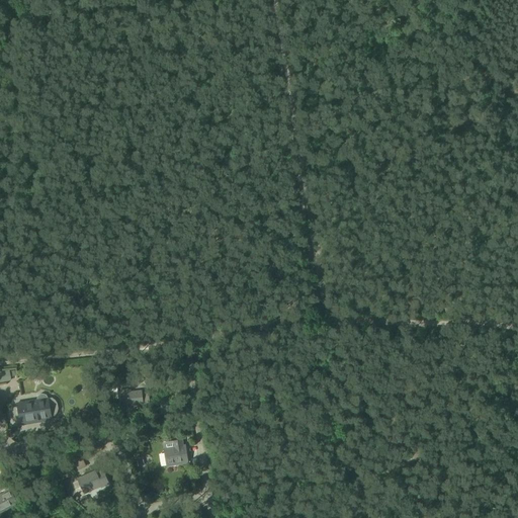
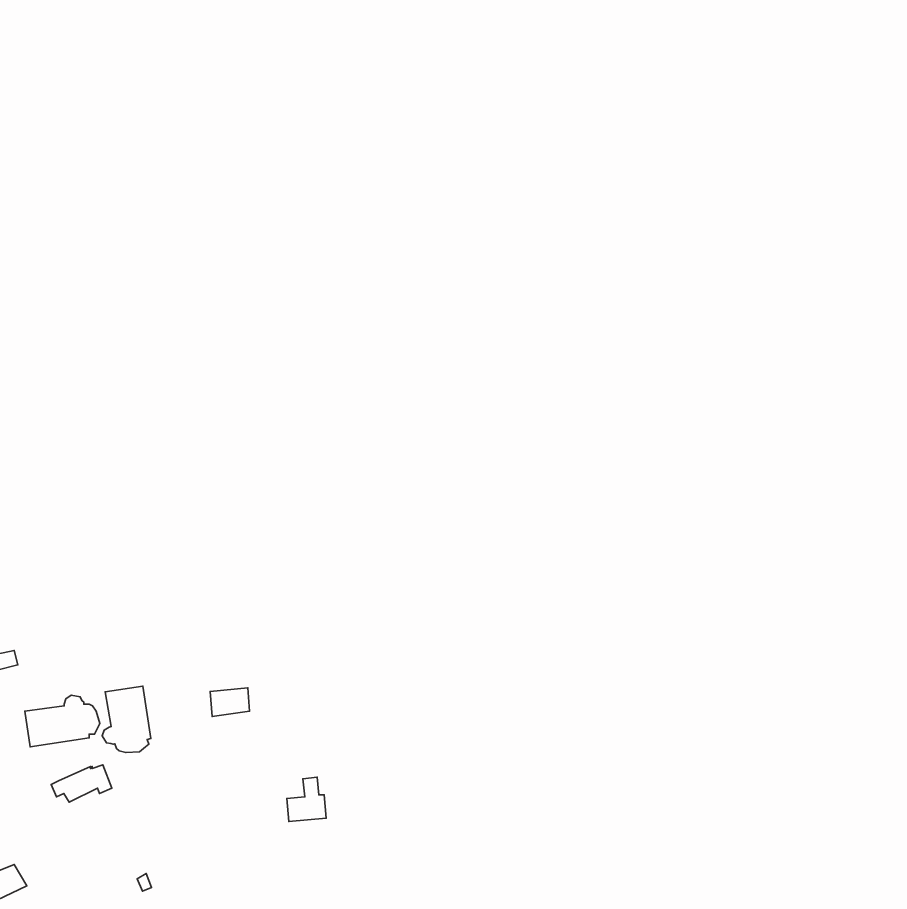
building: none -> [102,686,151,752]
building: [72,470,106,492] -> [51,765,112,802]

